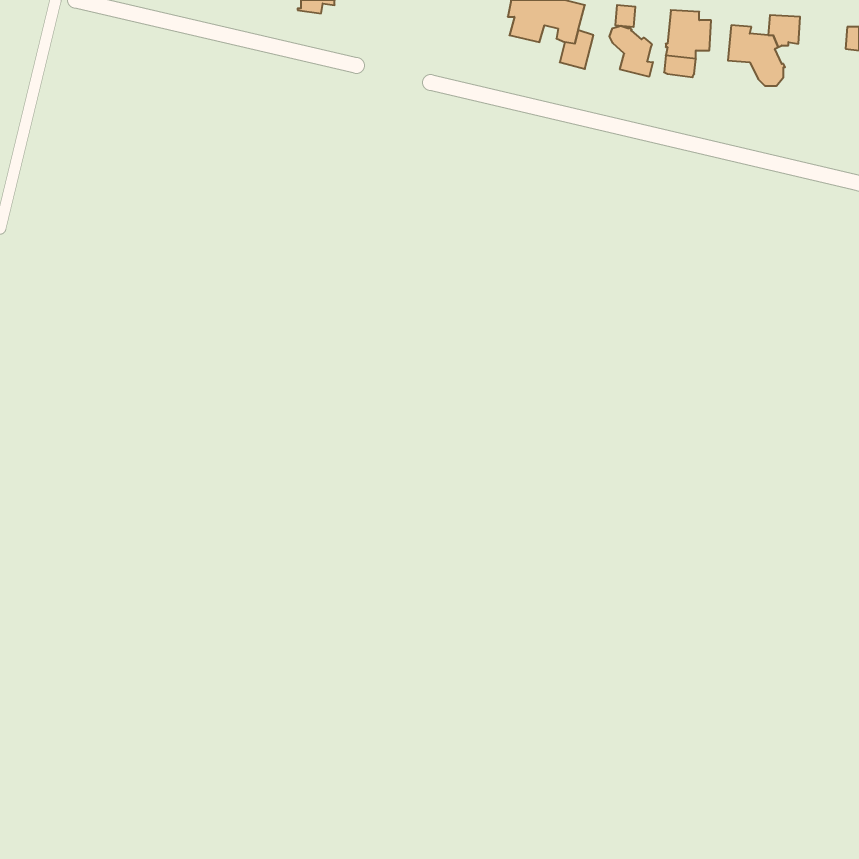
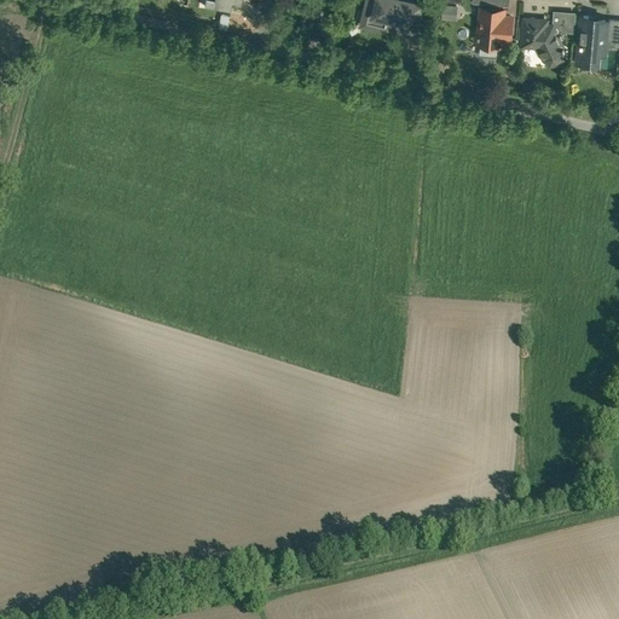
building: [609,26,653,77] -> none
building: none -> [579,19,607,60]

